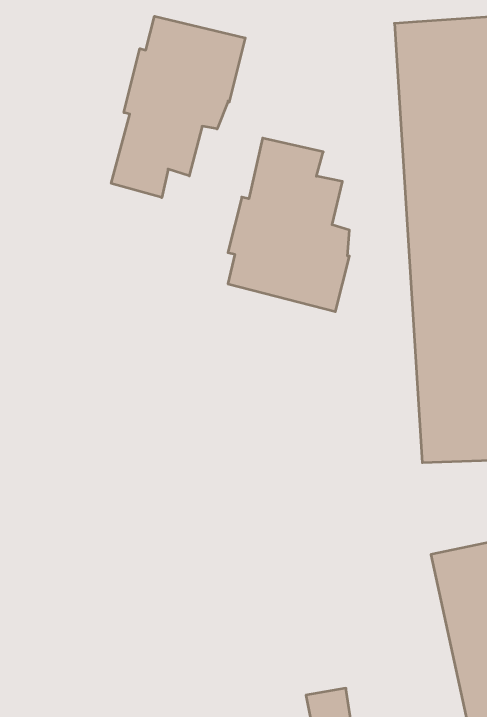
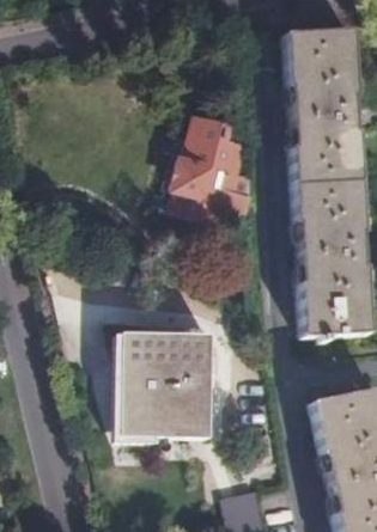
building: [111,16,245,198] -> none
building: none -> [120,332,213,438]

